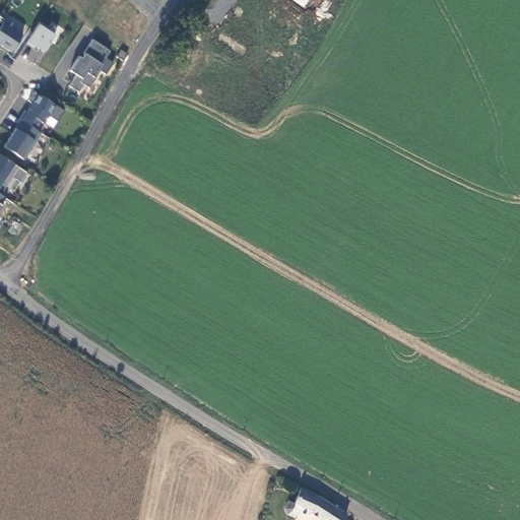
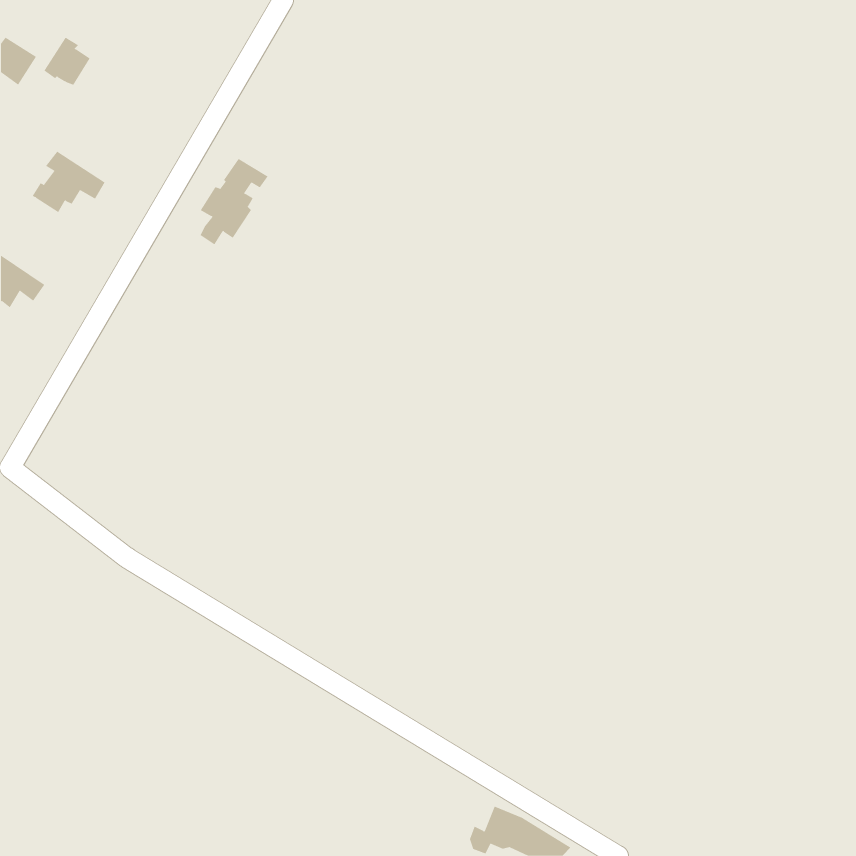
building: [69,40,111,92] -> [200,158,268,245]
building: [4,120,42,159] -> none

